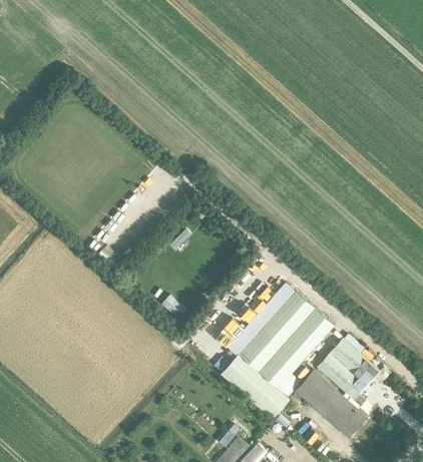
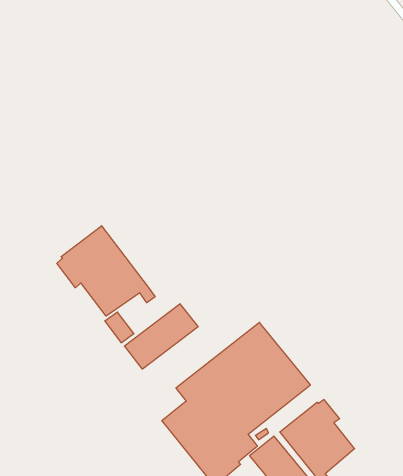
building: none -> [57,226,155,316]
building: none -> [124,304,198,369]

